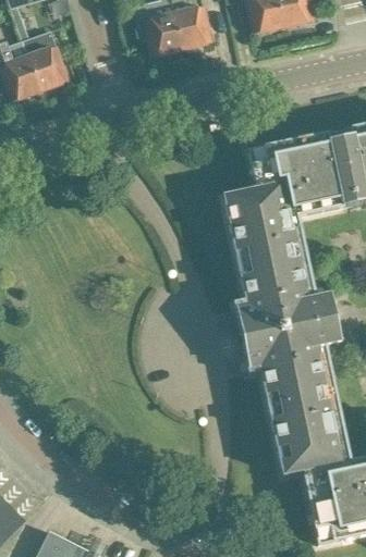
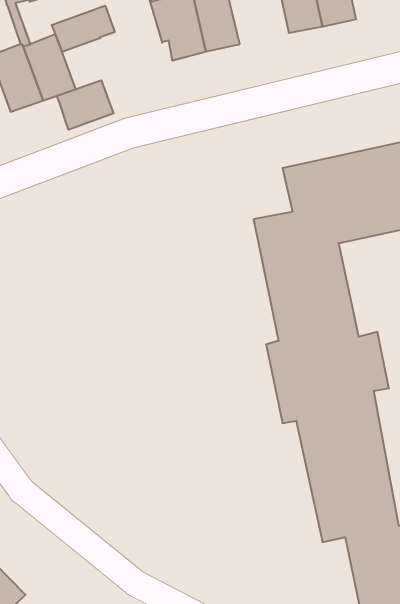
building: none -> [52,6,115,52]
building: none -> [57,80,114,130]

